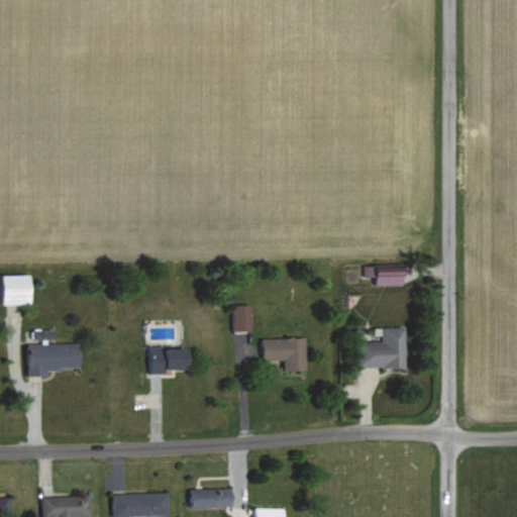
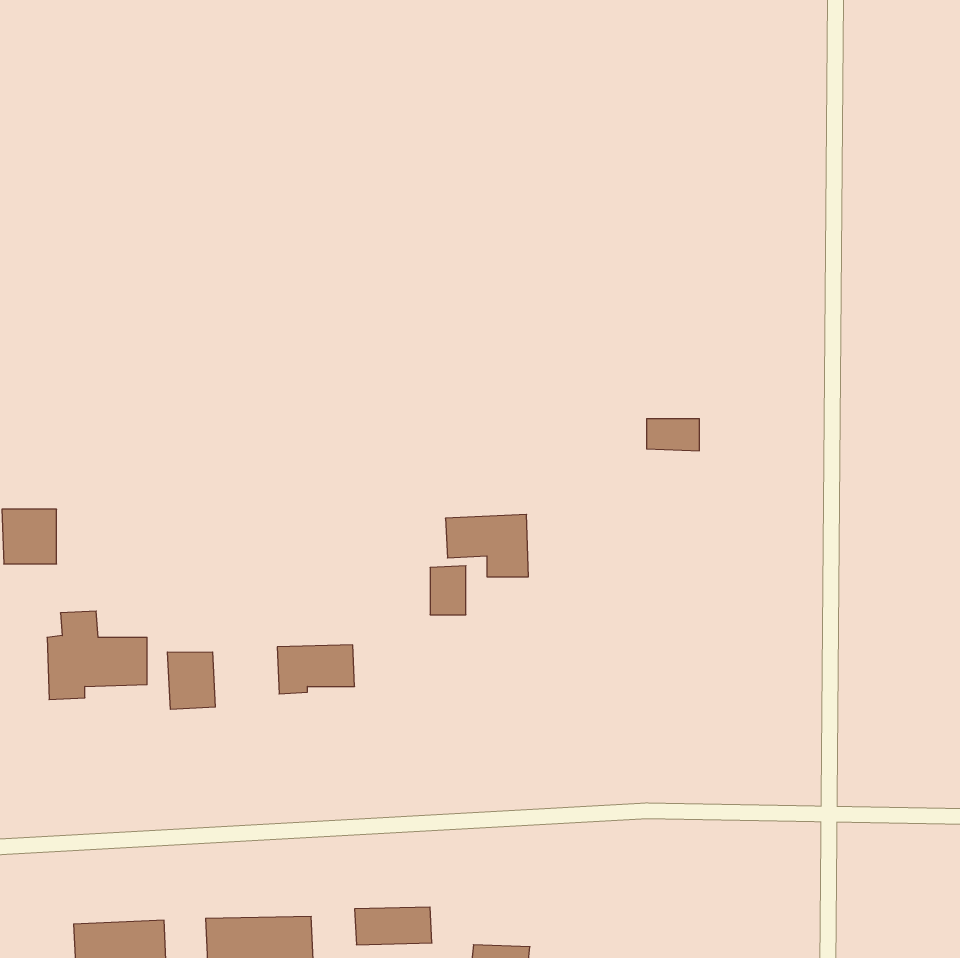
building: [377,270,405,287] -> [647,419,699,451]
building: [361,328,406,369] -> none
building: [262,338,306,372] -> [445,514,528,577]
building: none -> [167,652,215,709]

